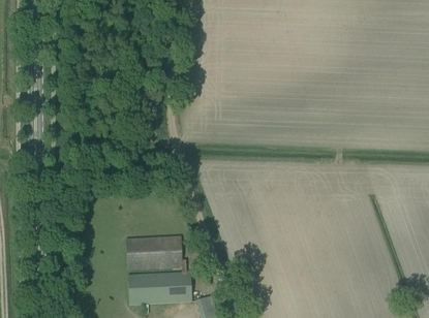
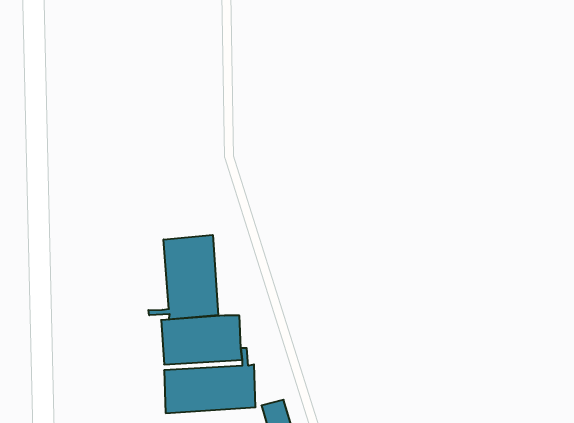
building: none -> [148,235,218,320]

